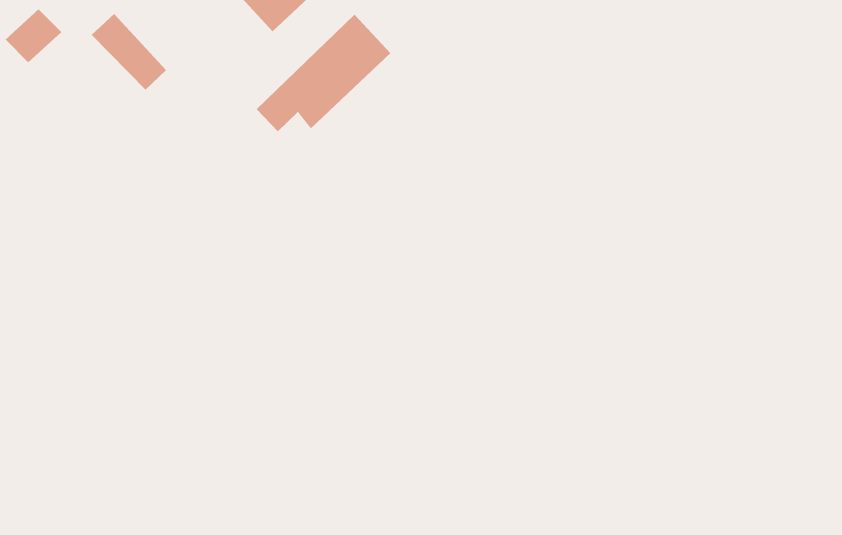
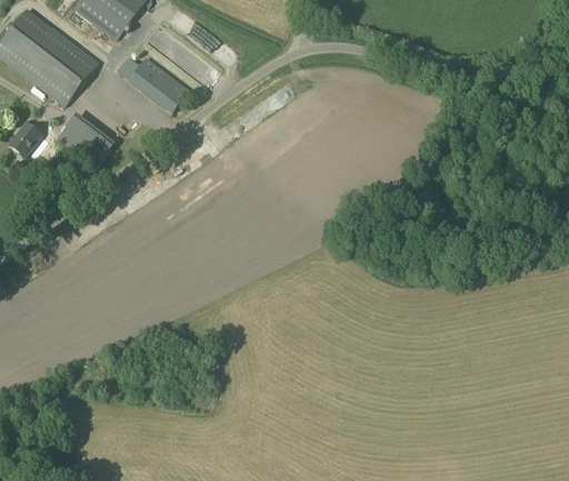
building: [256,14,391,132] -> none

